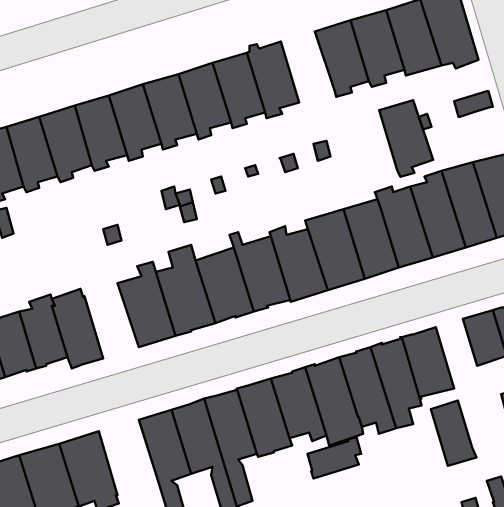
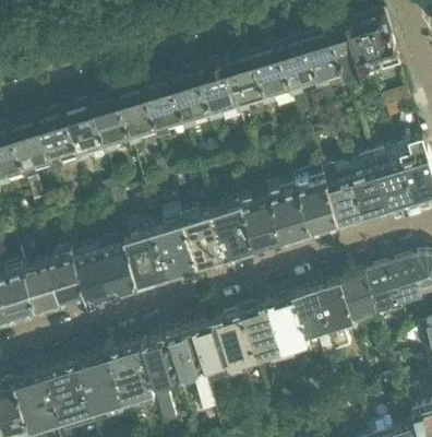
building: [379,100,433,177] -> [249,46,290,105]
building: none -> [95,235,140,297]
building: [431,400,476,466] -> [368,267,403,317]
building: none -> [109,344,155,404]
building: [307,437,361,479] -> none

